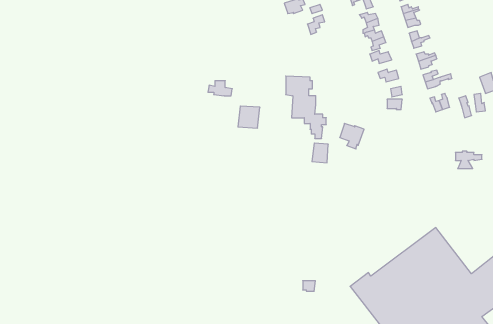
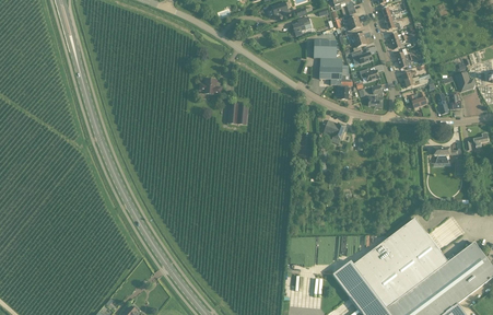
building: [286,76,326,138] -> [314,39,352,98]

